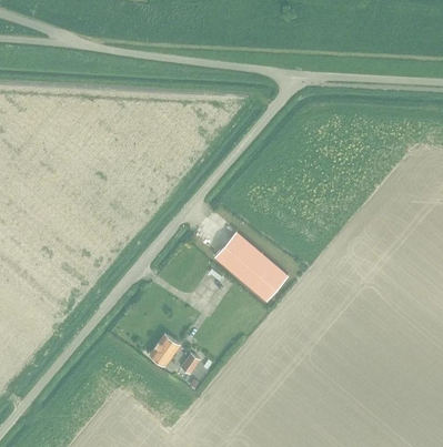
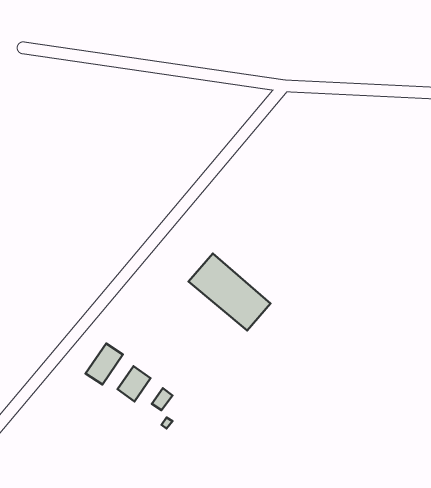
building: none -> [85,344,123,384]

